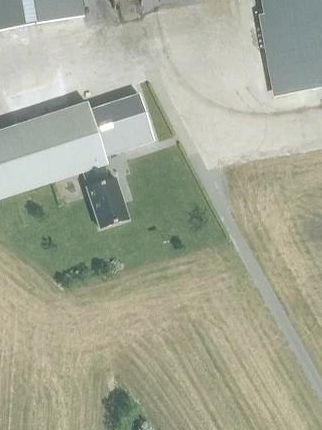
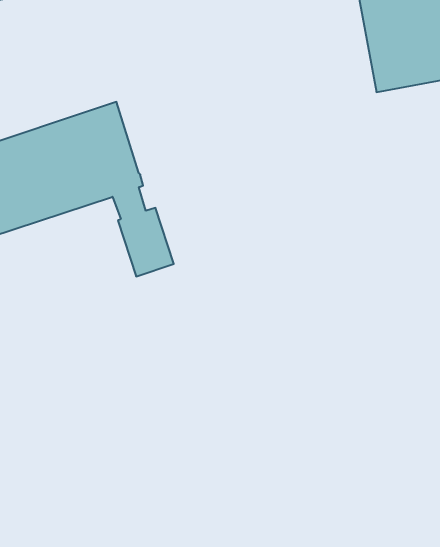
building: [89,92,153,153] -> none

